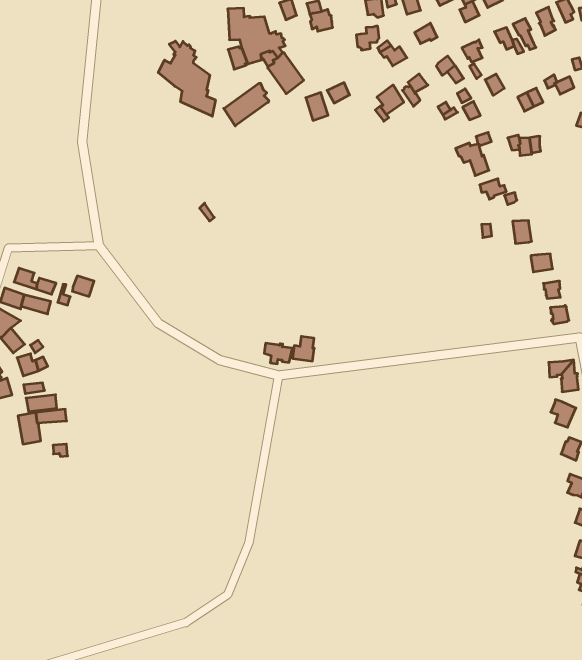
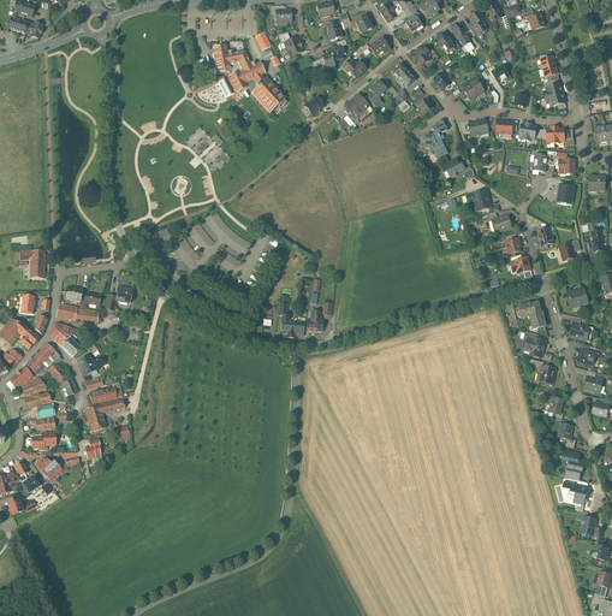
building: [158,41,215,116] -> none
building: [224,83,269,126] -> none

